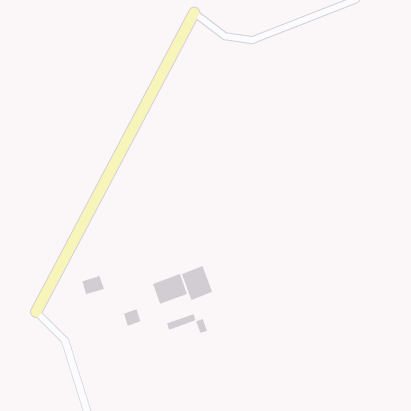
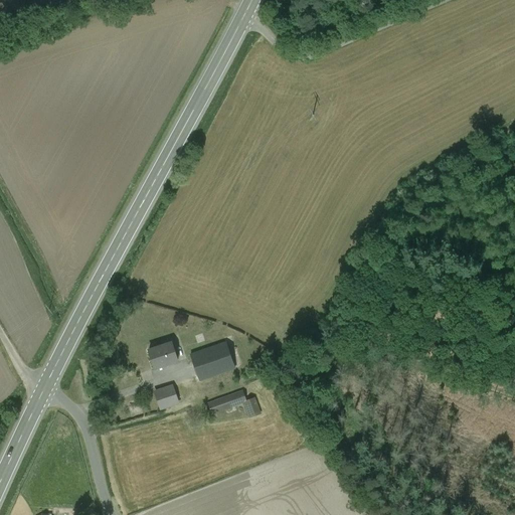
building: [181,265,213,301] -> none
building: [81,275,105,295] -> [148,342,177,367]

